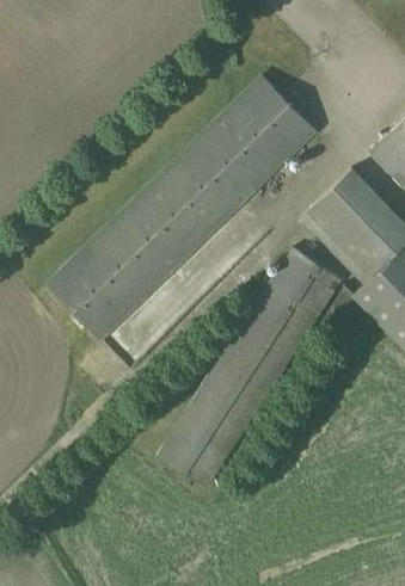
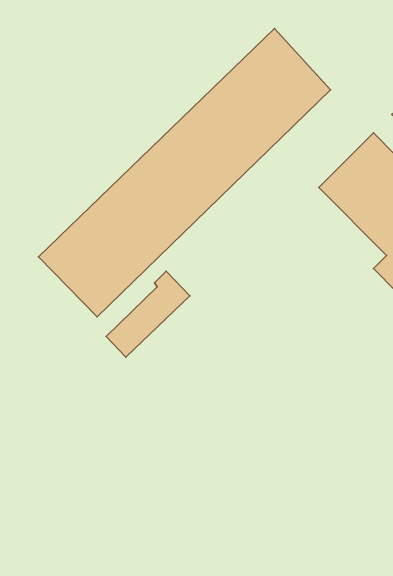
building: [160,251,345,489] -> none

